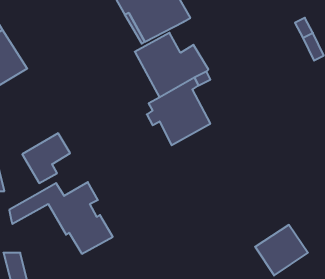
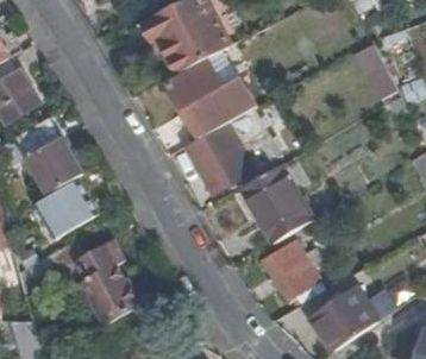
building: none -> [15,119,81,195]
building: none -> [239,164,313,244]
building: none -> [263,240,321,309]

